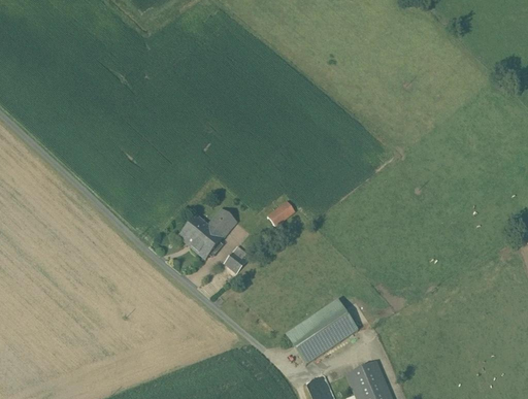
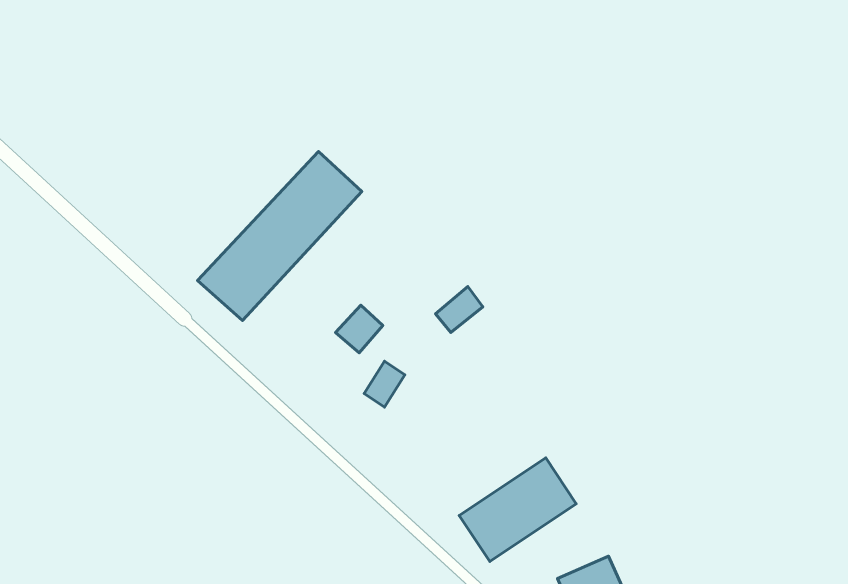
building: none -> [197,152,362,321]
building: [183,217,224,258] -> none

